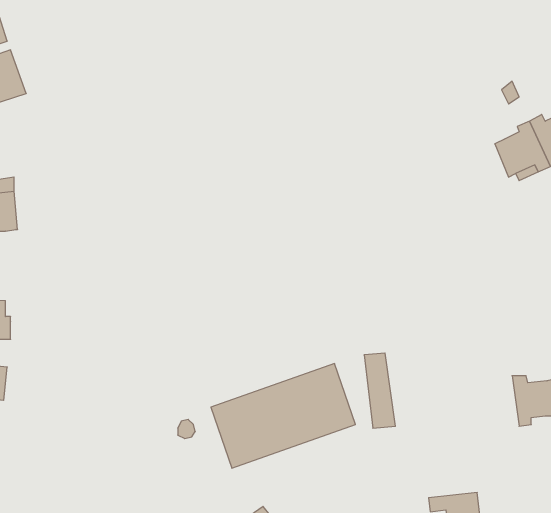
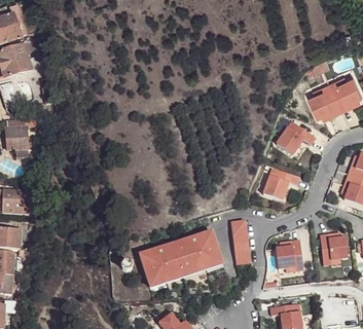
building: none -> [276,120,315,153]
building: none -> [262,167,298,199]
building: none -> [275,240,302,270]

